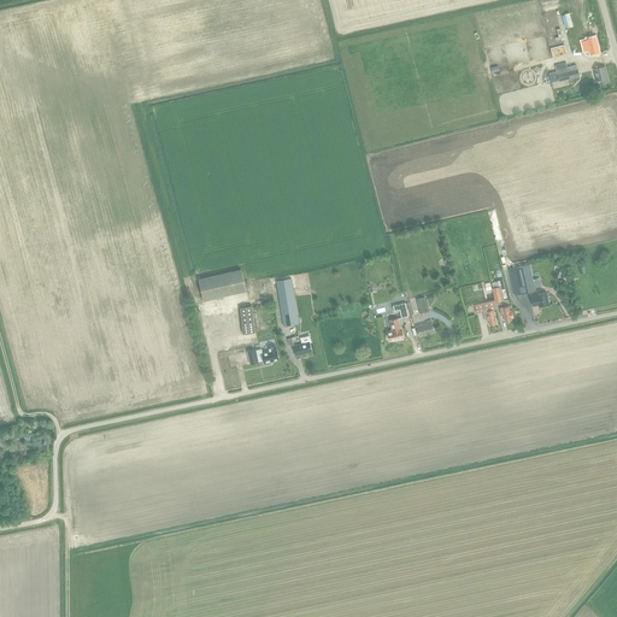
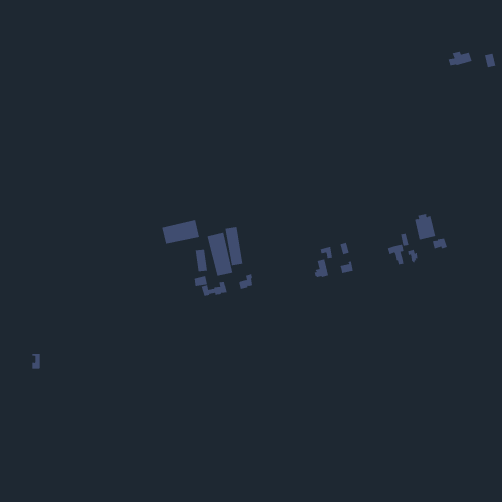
building: none -> [207,232,233,276]

